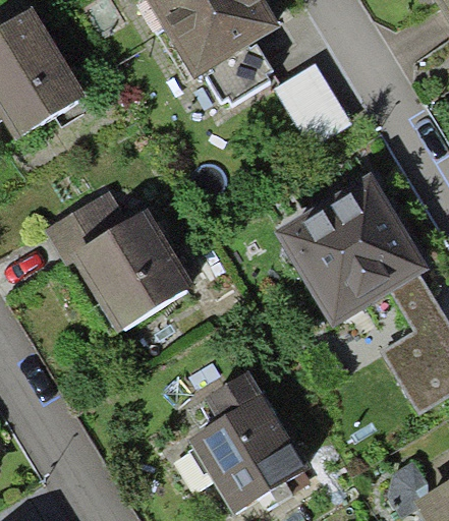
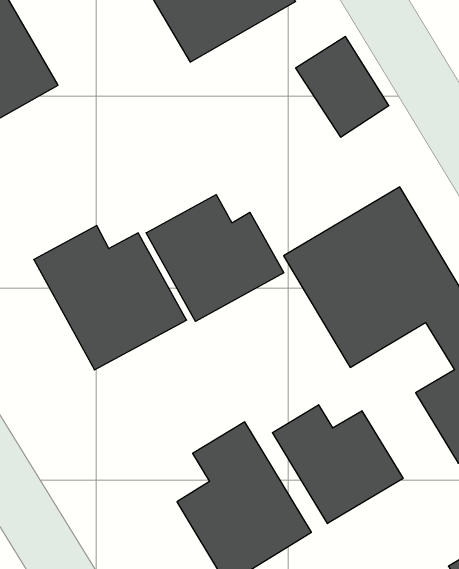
building: none -> [146,195,284,321]
building: none -> [272,405,403,524]

